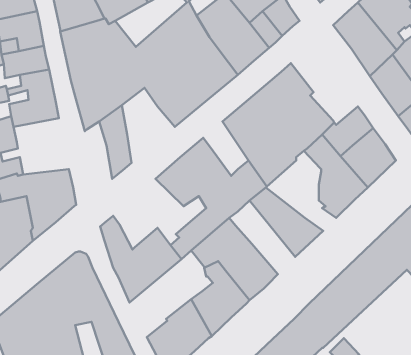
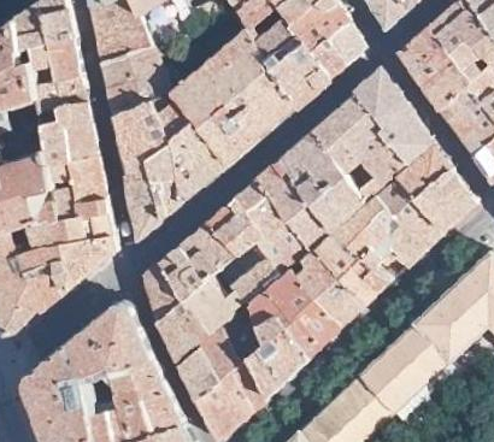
building: none -> [354,73,429,164]
building: none -> [166,123,225,206]
building: none -> [46,157,107,219]
building: none -> [122,160,155,241]
building: none -> [257,160,307,220]
building: none -> [327,193,388,267]
building: none -> [157,224,235,302]
building: none -> [293,248,359,330]
building: none -> [175,303,261,400]

